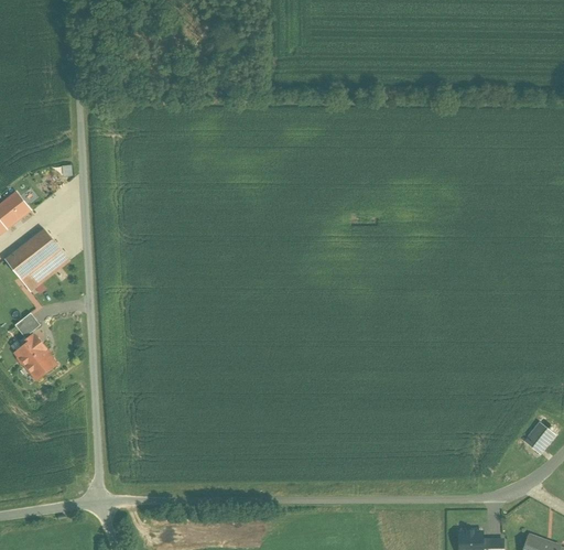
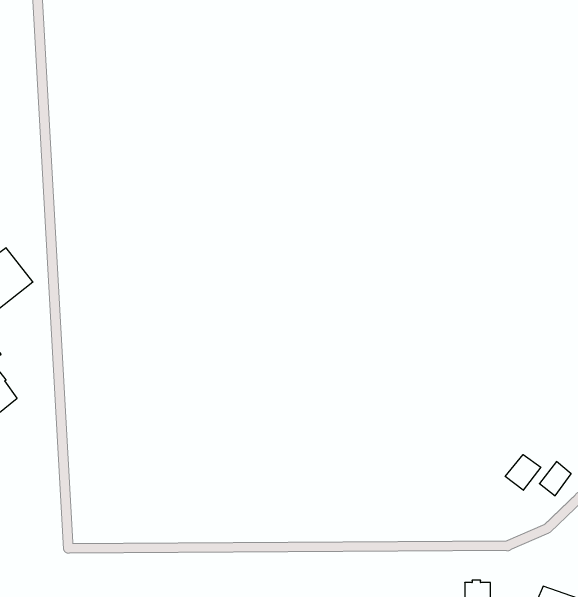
building: none -> [505,455,541,490]

